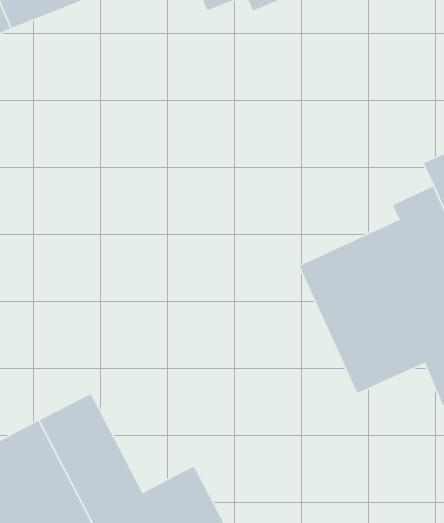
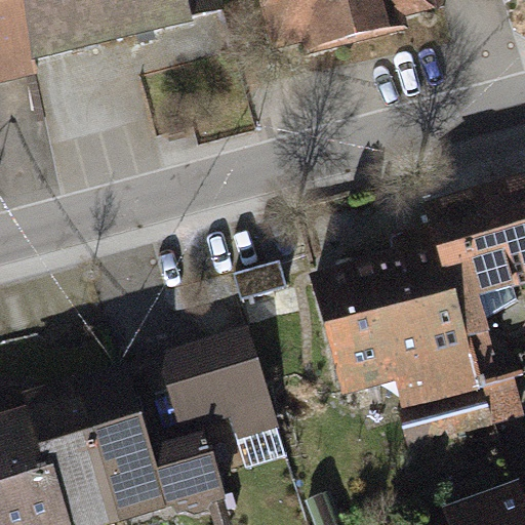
building: none -> [164,327,278,438]

